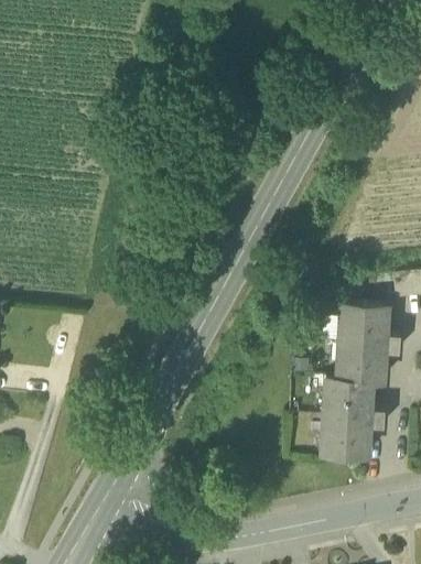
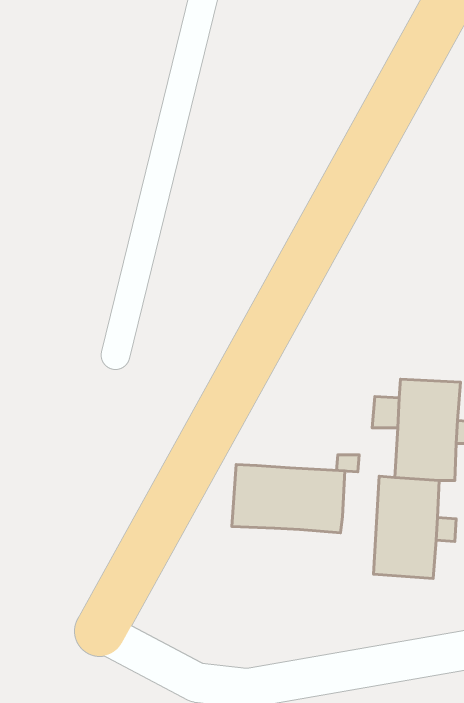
building: none -> [232,465,345,533]

